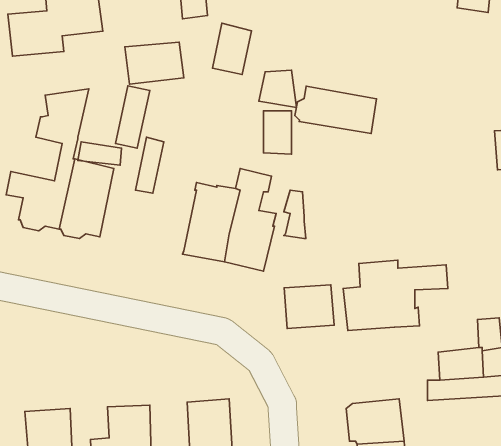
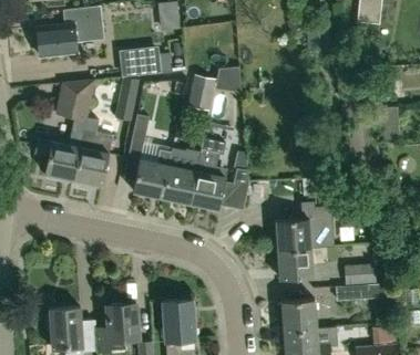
building: [213,23,252,75] -> [187,74,215,111]
building: [295,86,376,134] -> none
building: none -> [134,149,172,197]
building: [284,285,334,328] -> [279,249,315,280]

